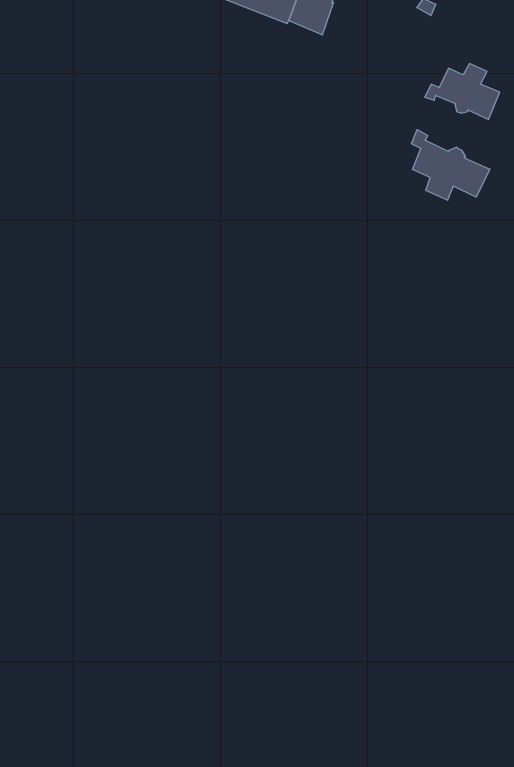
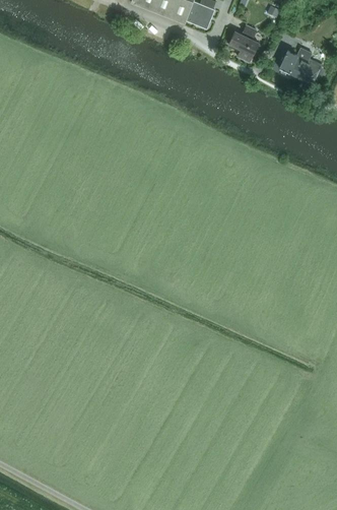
building: none -> [229,25,260,62]
building: [411,130,490,200] -> none

